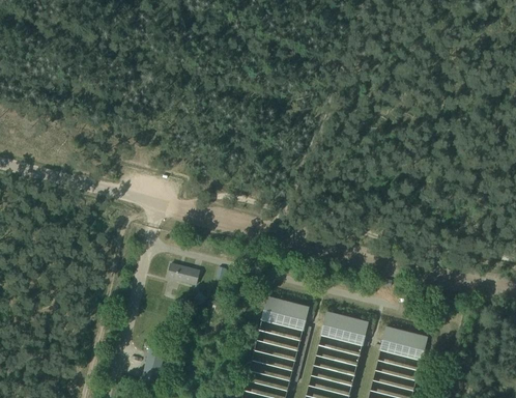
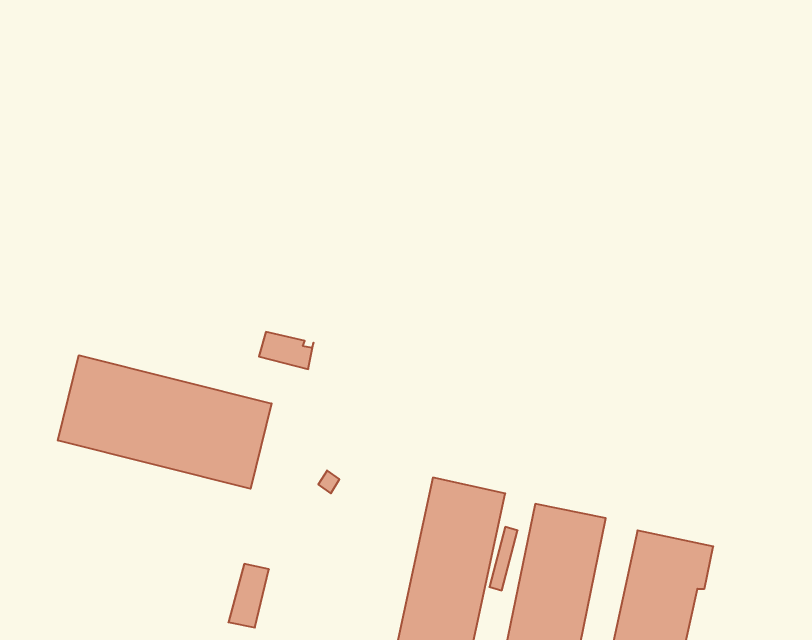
building: none -> [58,355,272,489]
building: [169,264,201,286] -> [259,332,314,369]

